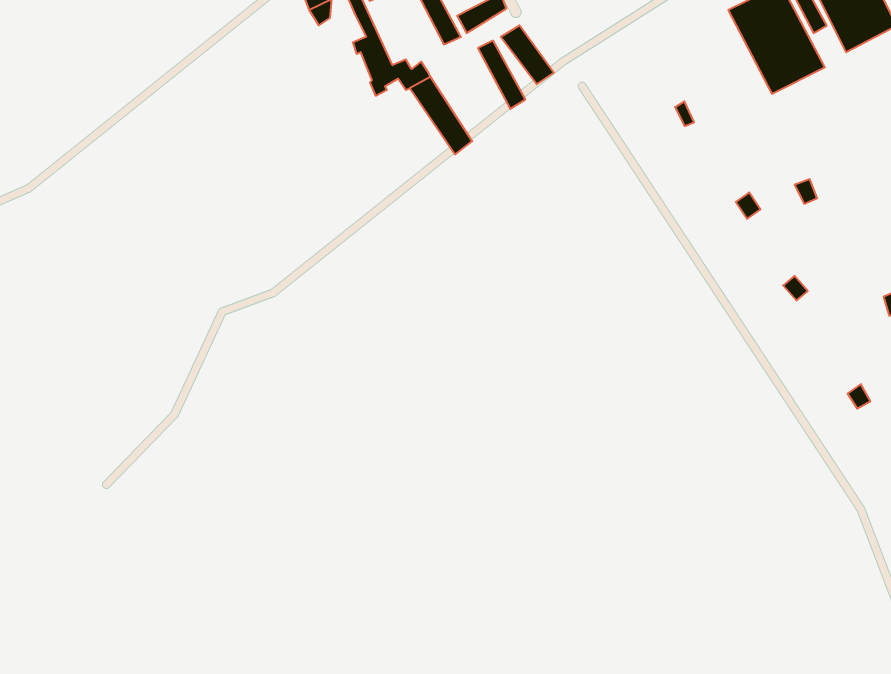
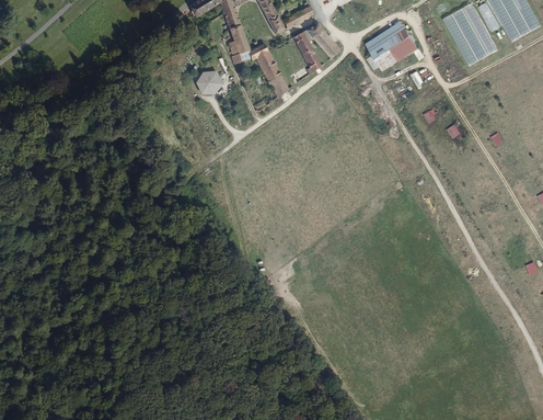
building: none -> [366,21,419,71]
building: none -> [196,70,222,93]

